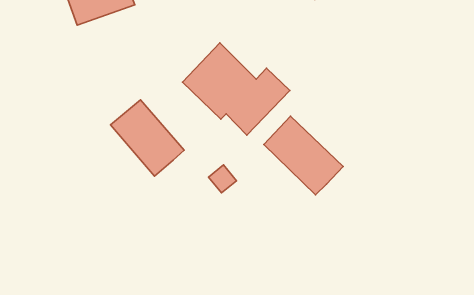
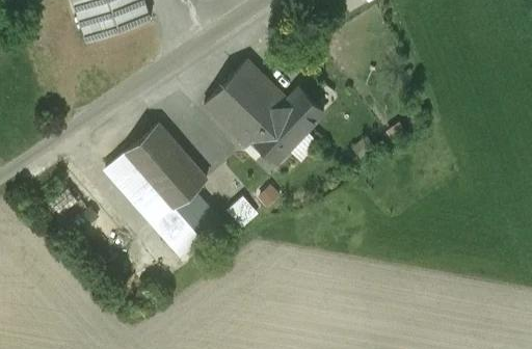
building: [264,116,343,195] -> none
building: none -> [105,153,219,256]

